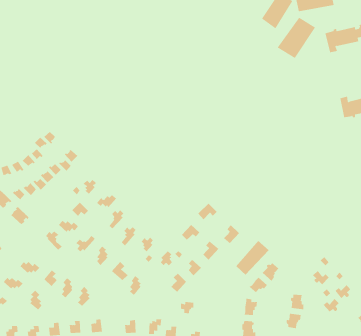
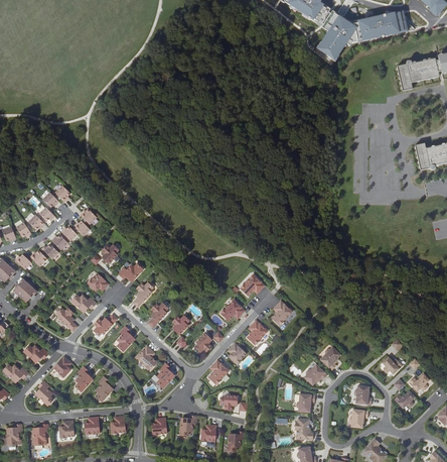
building: [277,17,316,59] -> none
building: [236,240,269,275] -> none

